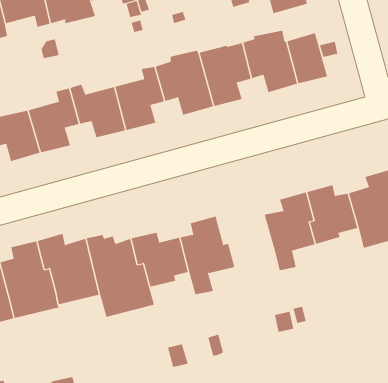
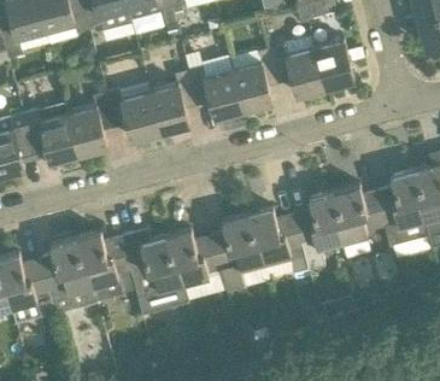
building: none -> [246,209,306,271]

